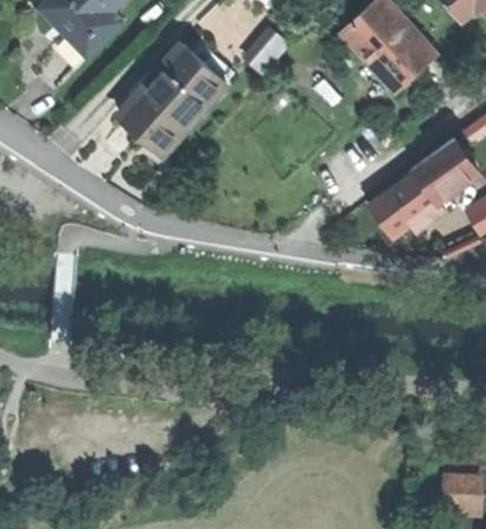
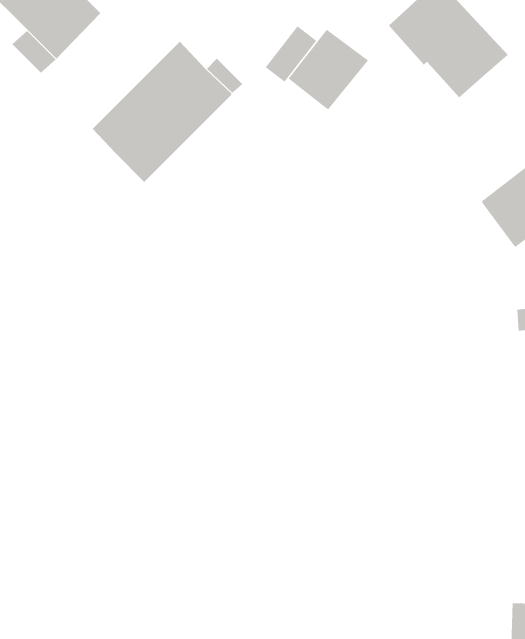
building: none -> [288,29,369,110]
building: [371,170,441,236] -> none

